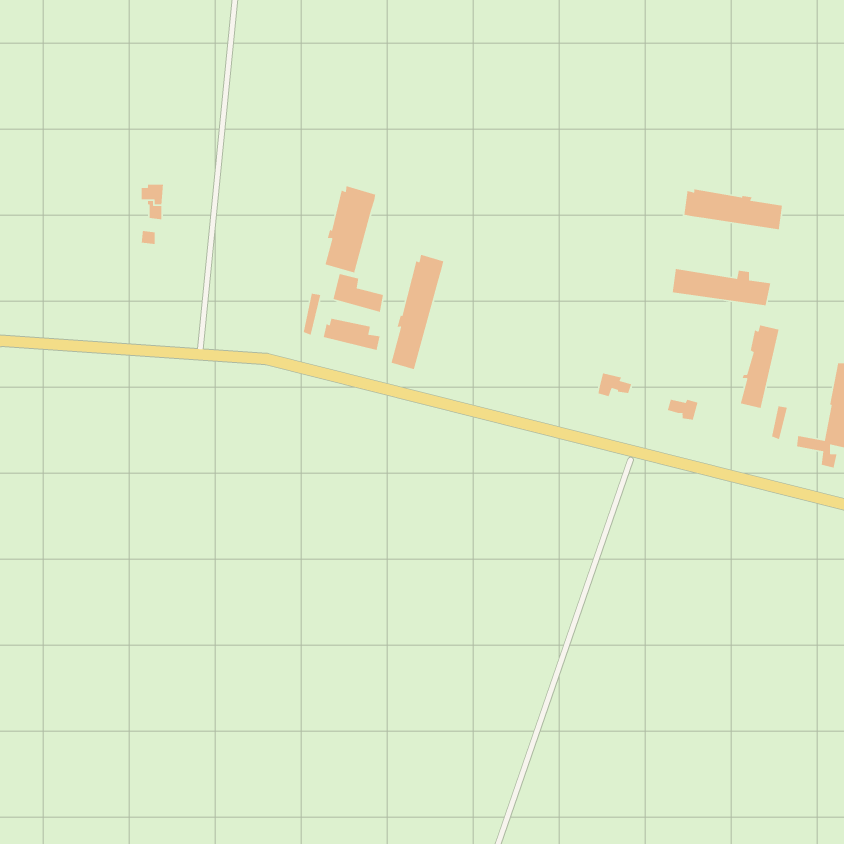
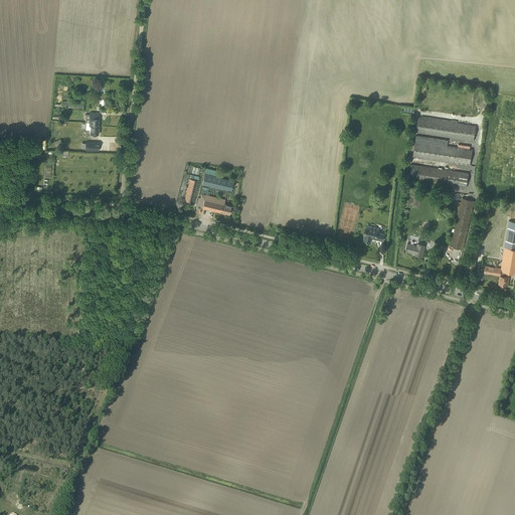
building: [324,185,376,274] -> none
building: none -> [412,134,473,164]
building: [391,254,444,370] -> none

